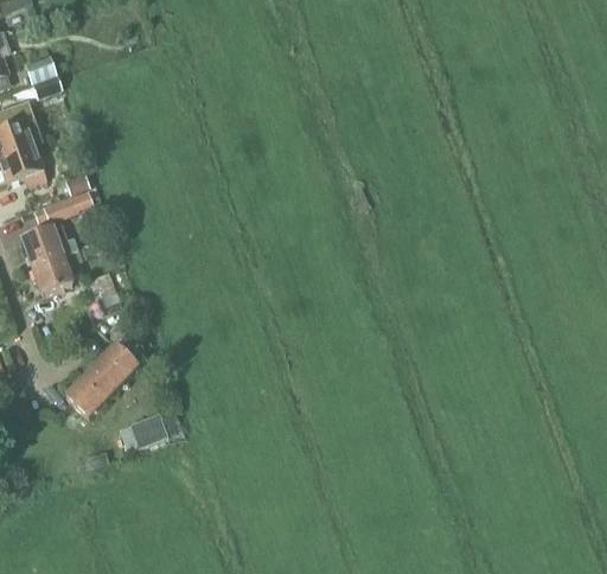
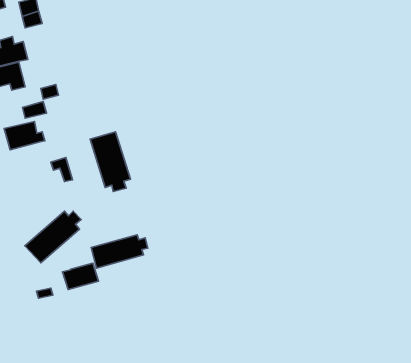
building: none -> [90,132,130,192]
building: [32,251,76,294] -> none
building: none -> [91,235,148,268]

